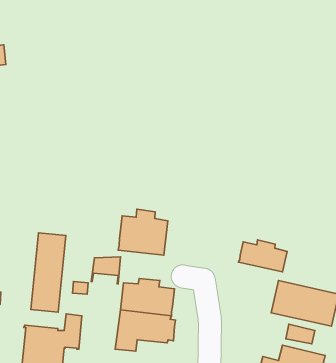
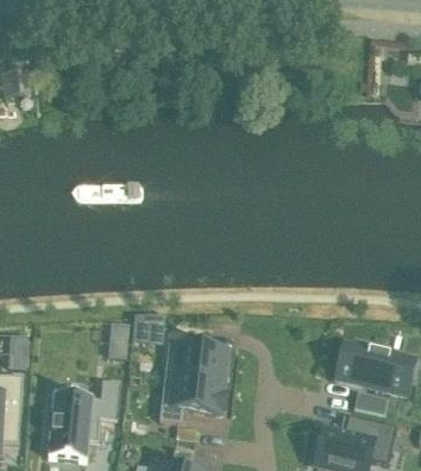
building: [118,209,168,255] -> none
building: [31,233,66,312] -> none
building: [239,240,287,272] -> none

